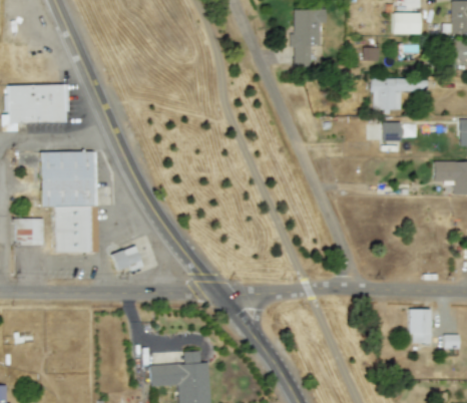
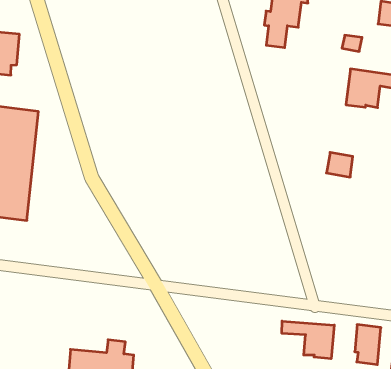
building: [382,121,404,141] -> [326,152,353,177]
building: [111,245,142,271] -> none
building: none -> [282,321,334,359]

